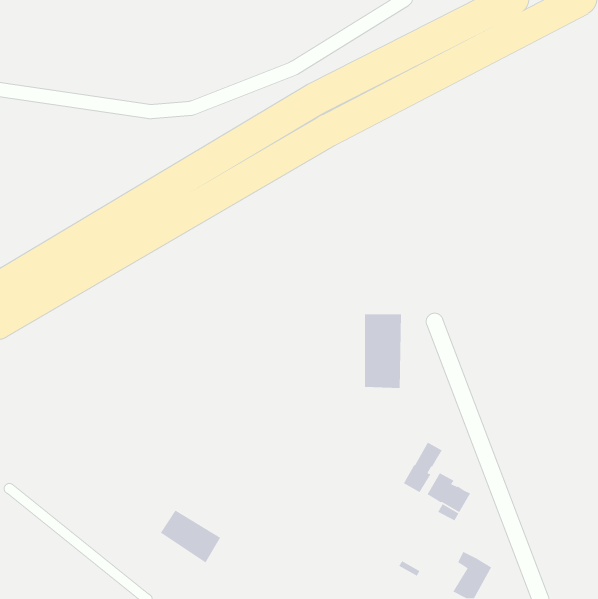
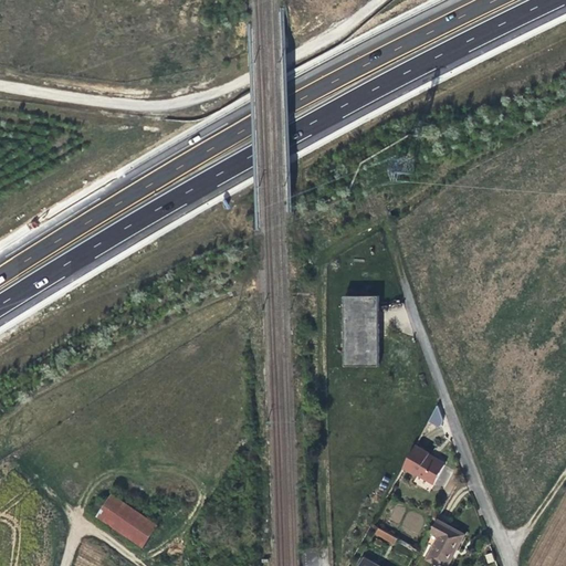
building: [403,442,443,493] -> none
building: [160,509,221,563] -> [98,494,156,545]

